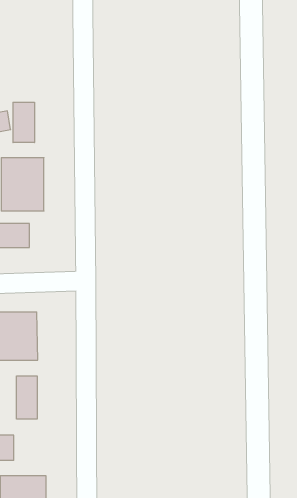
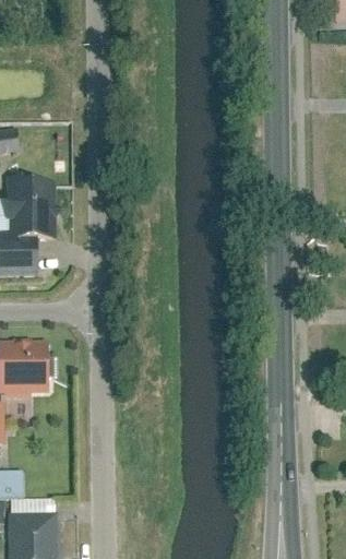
building: [13,102,34,143] -> none
building: [17,376,37,419] -> none

